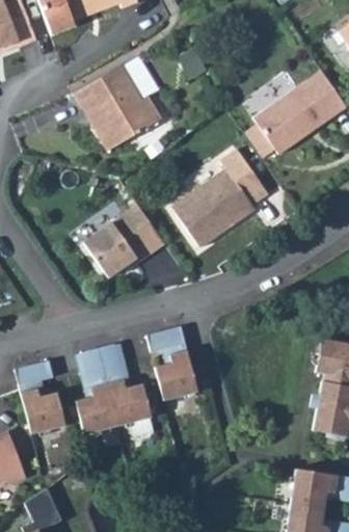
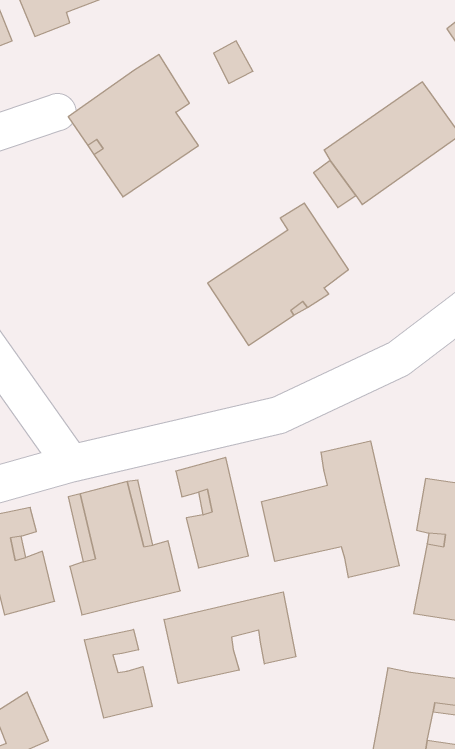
building: [84,212,153,278] -> none
building: none -> [262,441,399,578]
building: none -> [164,592,296,683]
building: none -> [84,629,152,718]

